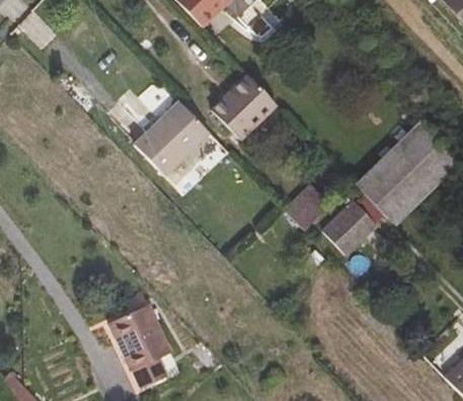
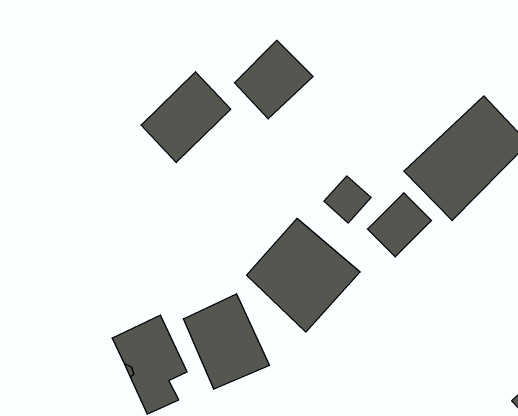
building: none -> [247,218,360,332]
building: none -> [183,294,270,389]

